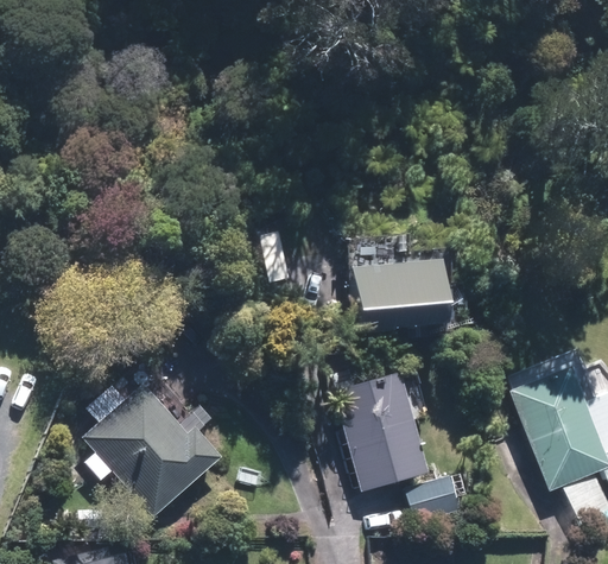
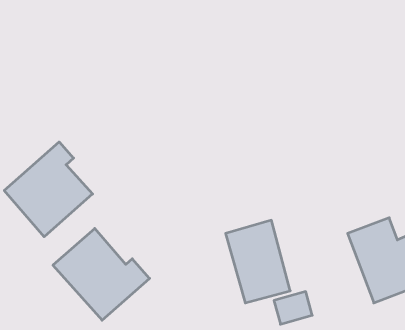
building: none -> [4,142,93,237]
building: [352,258,448,330] -> none

